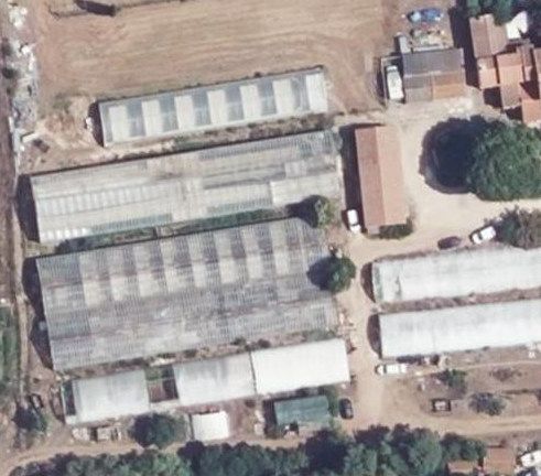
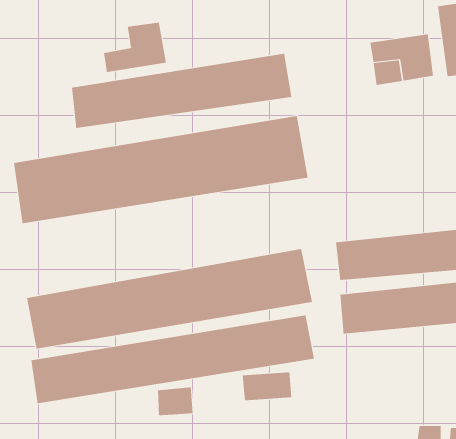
building: none -> [103,22,167,73]
building: [356,117,408,230] -> none
building: [39,213,333,318] -> none

